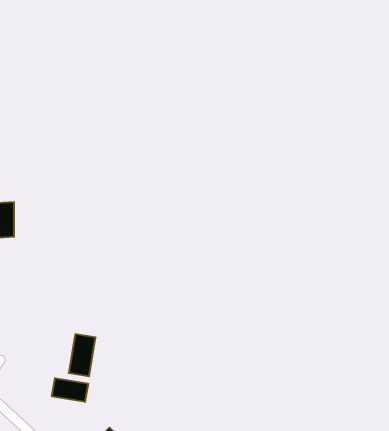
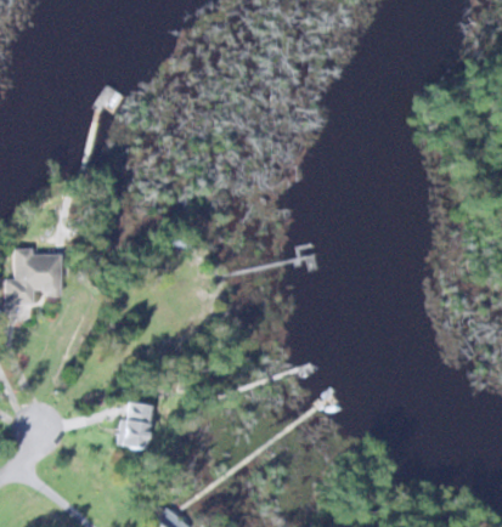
building: [52,378,88,402] -> none

